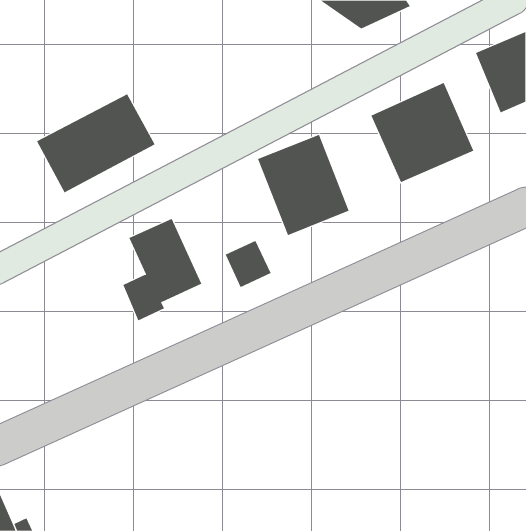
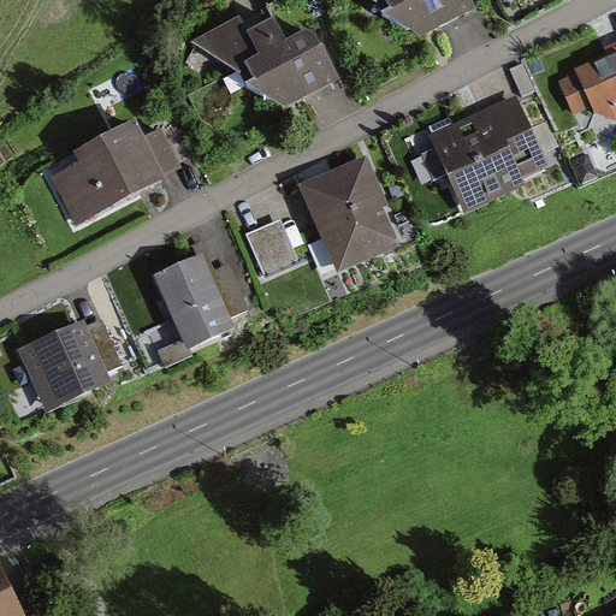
building: none -> [188,16,339,105]
building: [225,240,271,288] -> [243,219,297,274]
building: none -> [16,321,107,411]

